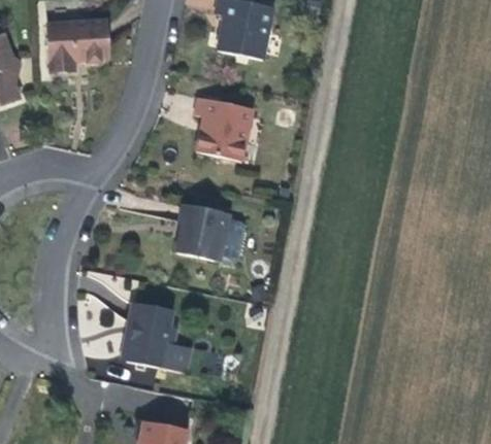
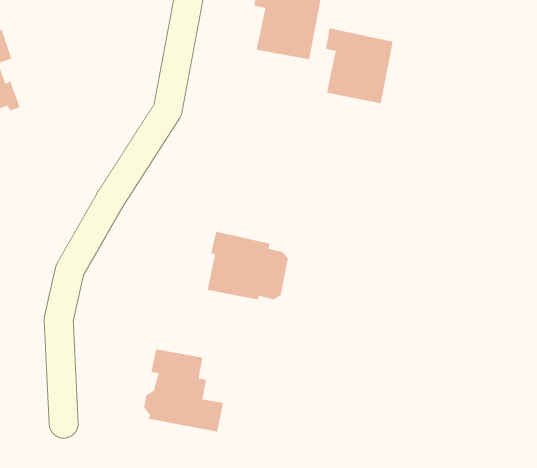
building: [46,19,108,71] -> none
building: [194,96,252,160] -> [325,28,394,104]

